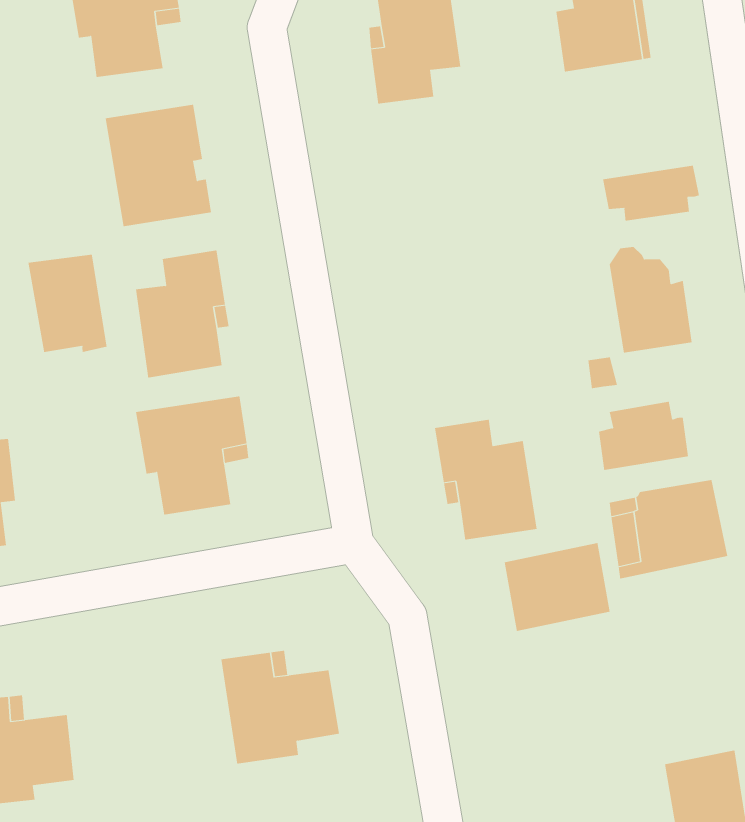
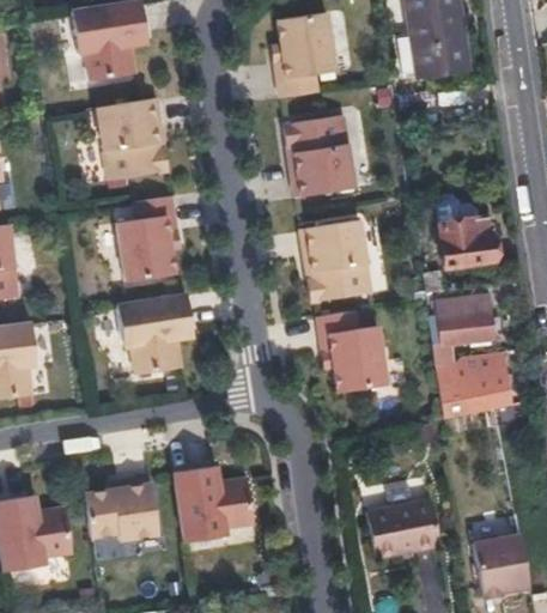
building: none -> [285,115,355,198]
building: [602,165,699,222] -> none
building: [28,254,107,353] -> none
building: none -> [302,220,372,303]
building: [504,543,611,631] -> [364,498,436,558]
building: none -> [85,477,159,540]

